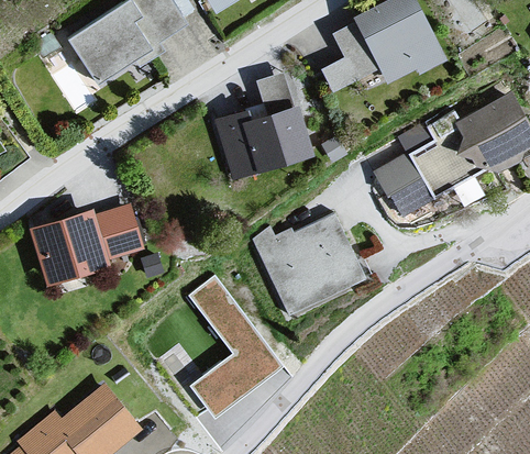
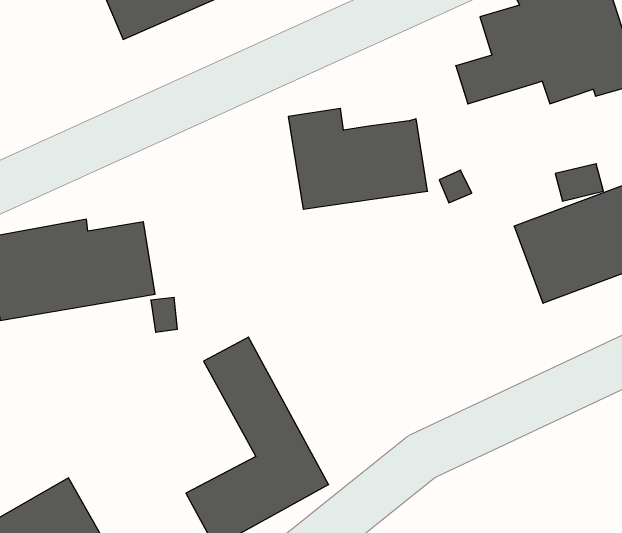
building: [257,73,296,118] -> none
building: [253,213,367,315] -> none

